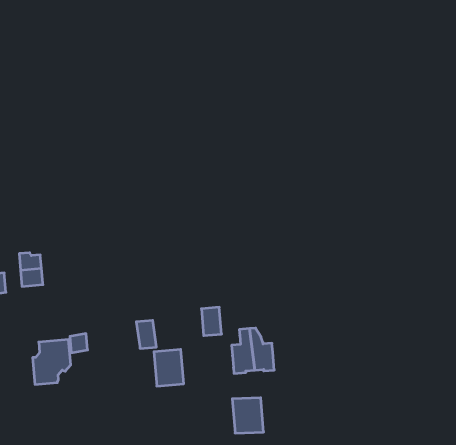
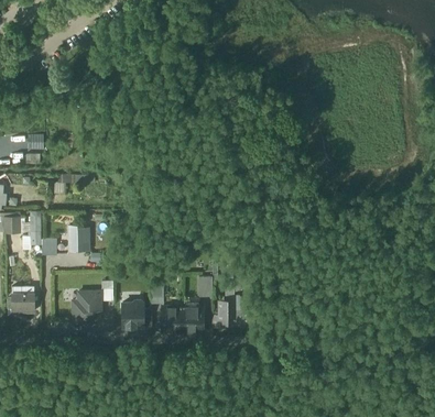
building: none -> [121,300,142,327]
building: [232,398,264,433] -> [181,306,202,332]

